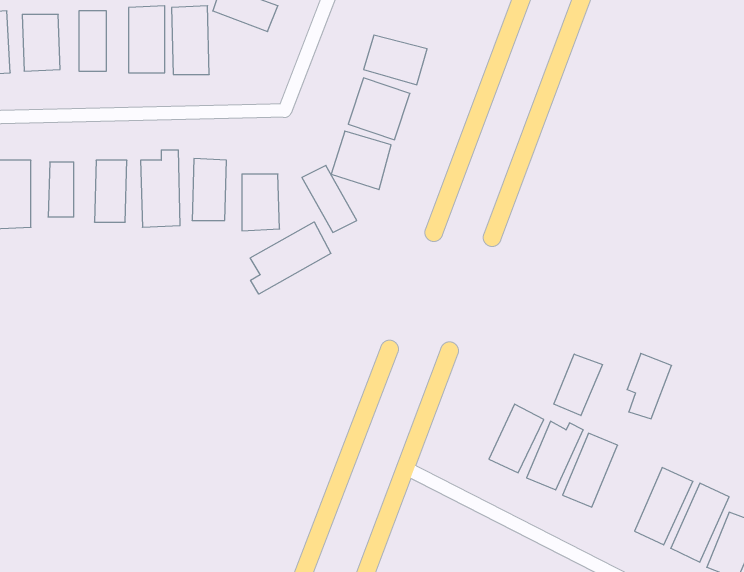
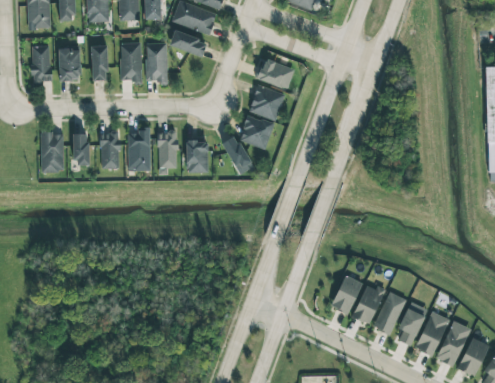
building: [250,222,331,294] -> none
building: [627,353,672,419] -> [399,307,425,345]
building: [554,354,603,416] -> none

